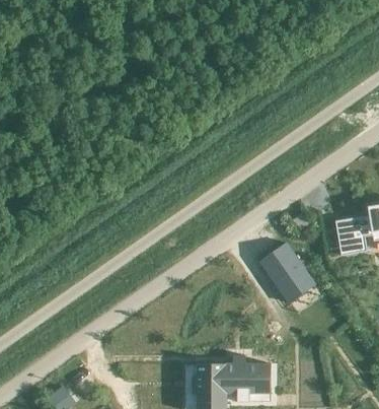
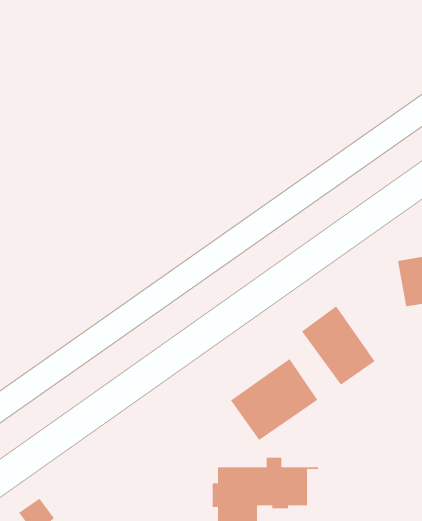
building: none -> [230,358,318,441]

